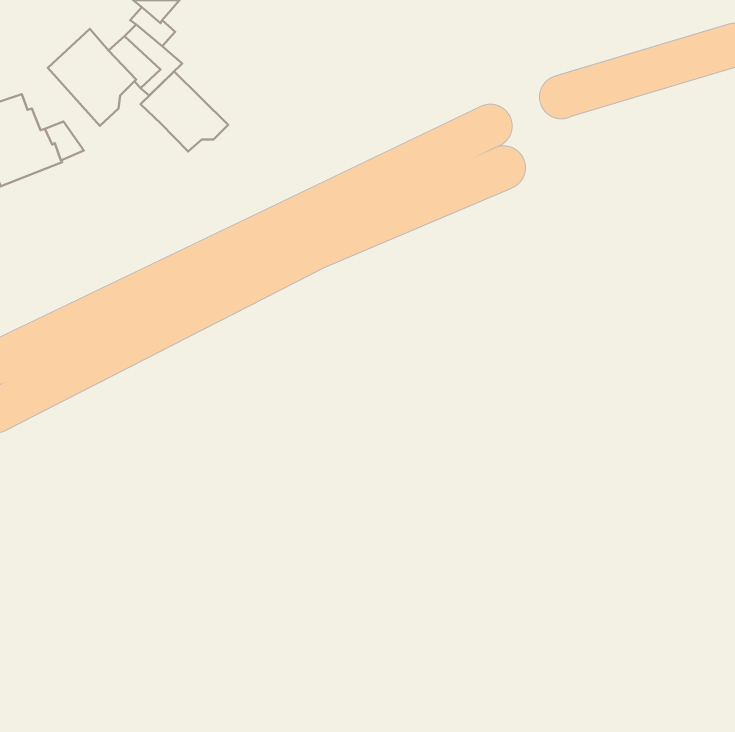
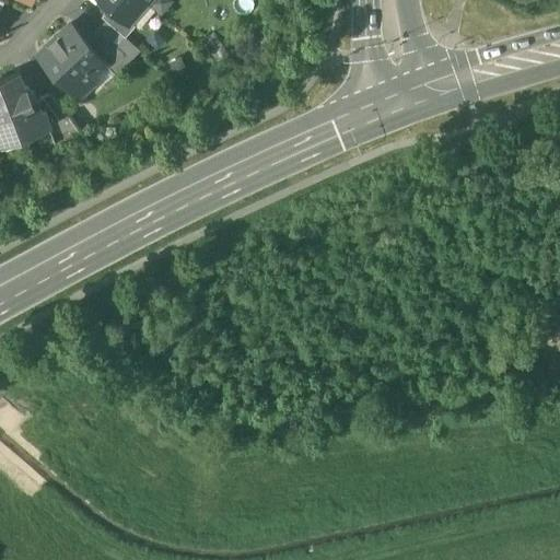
building: [141,71,228,152] -> none

